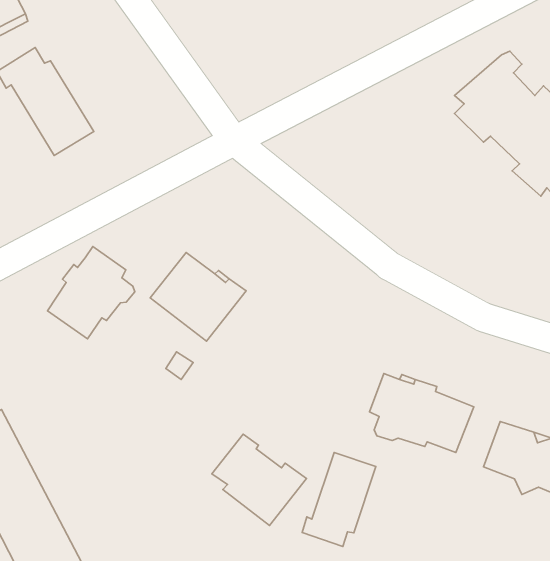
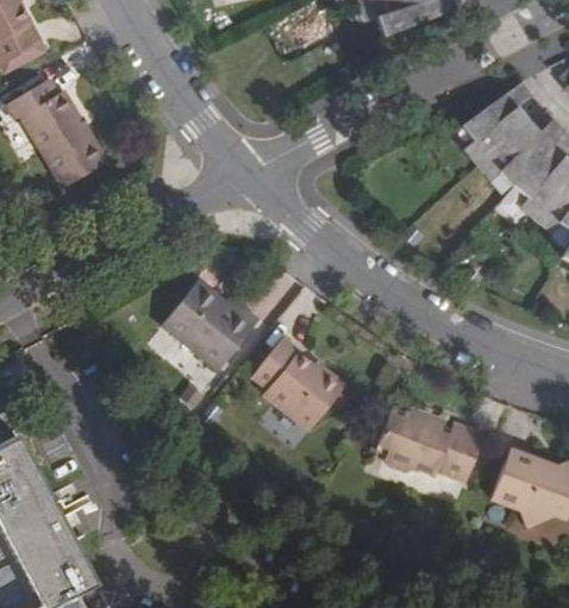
building: [48,246,135,339] -> none
building: [212,434,307,525] -> [252,340,346,431]
building: [302,453,376,547] -> none

